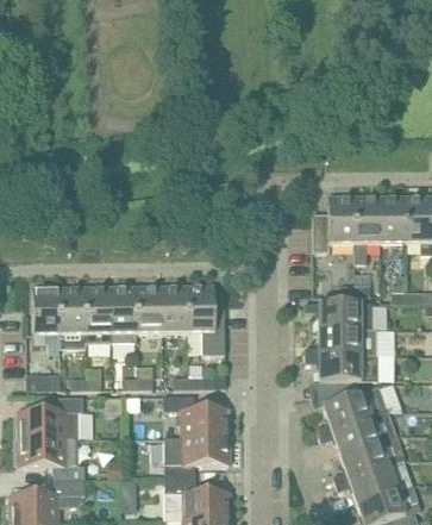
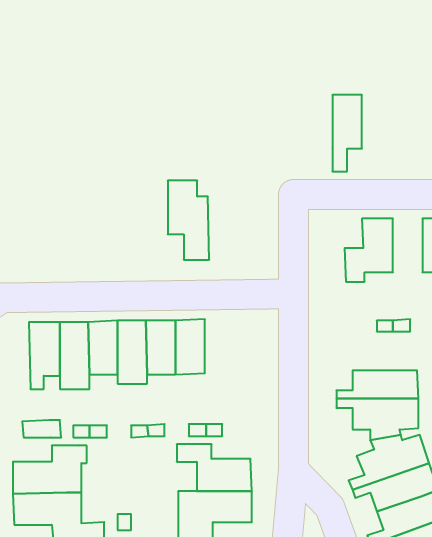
building: [355,195,381,263] -> [332,95,362,171]
building: [188,285,225,355] -> [168,181,209,260]
building: [305,302,371,330] -> none

